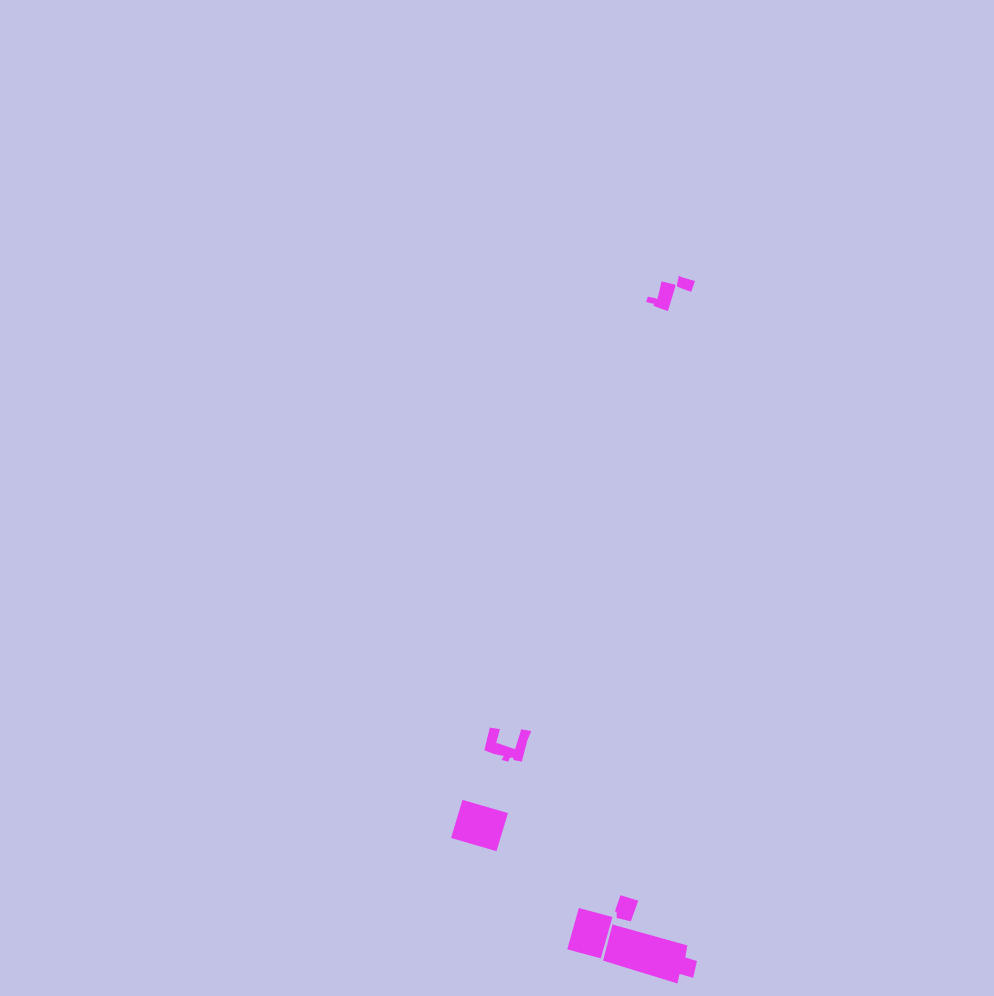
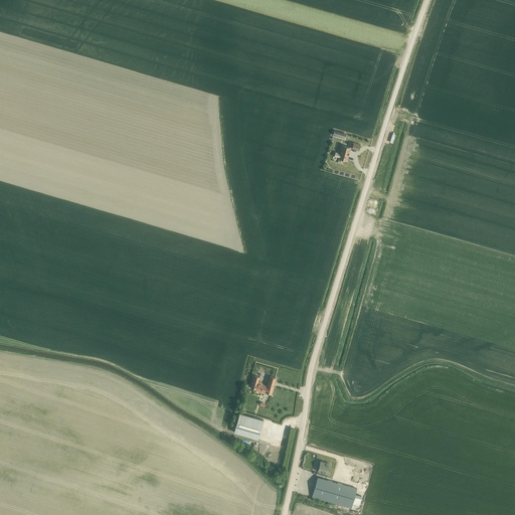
building: [566,907,613,959] -> none

